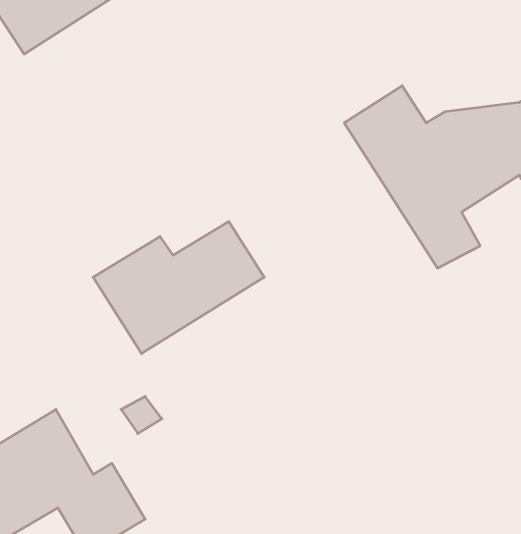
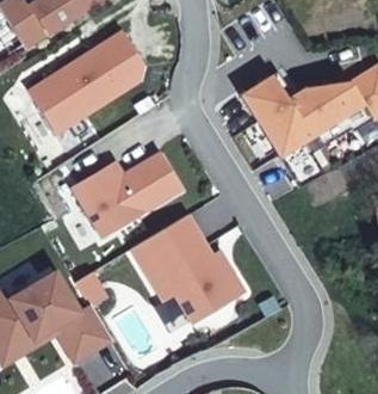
building: none -> [27,29,143,131]
building: none -> [132,215,244,324]

